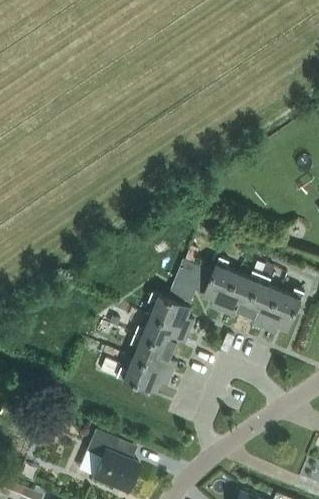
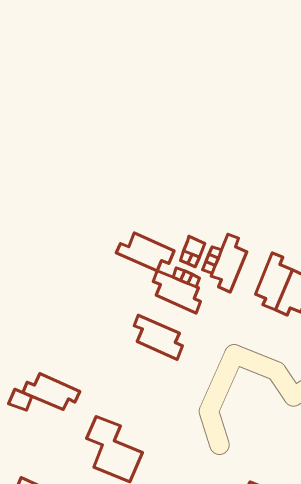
building: [221,271,261,317] -> none
building: [134,315,189,351] -> [116,233,174,271]
building: [117,359,171,393] -> [23,374,80,410]

